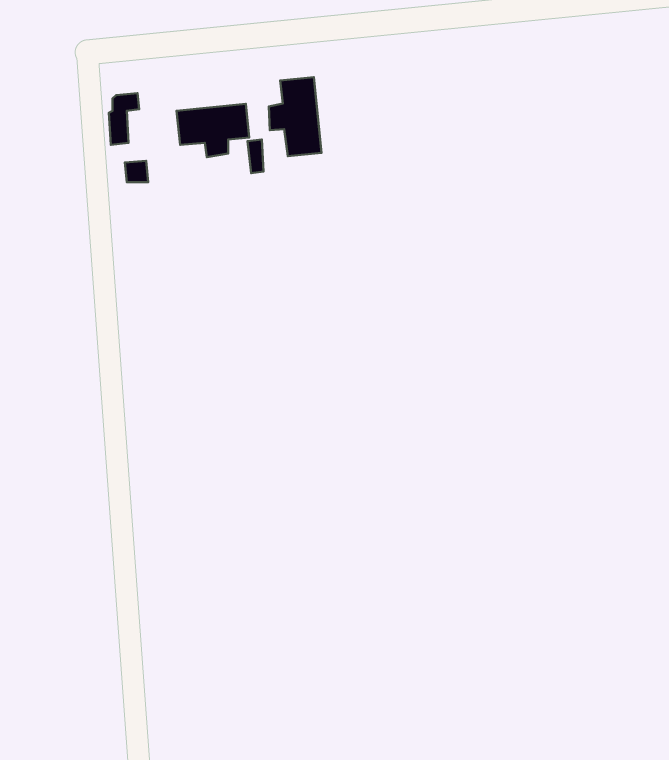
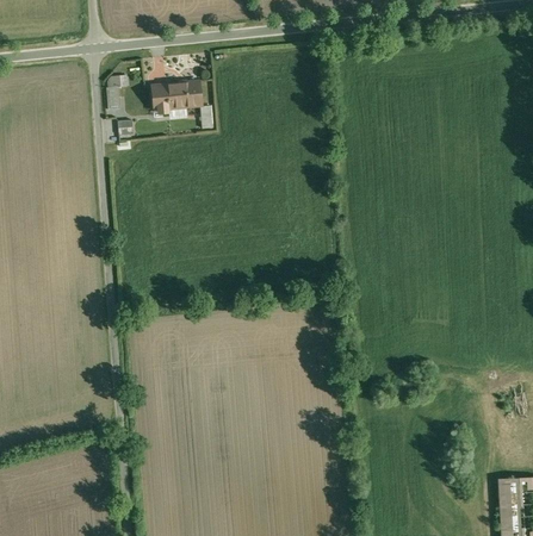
building: [269,77,322,156] -> none

